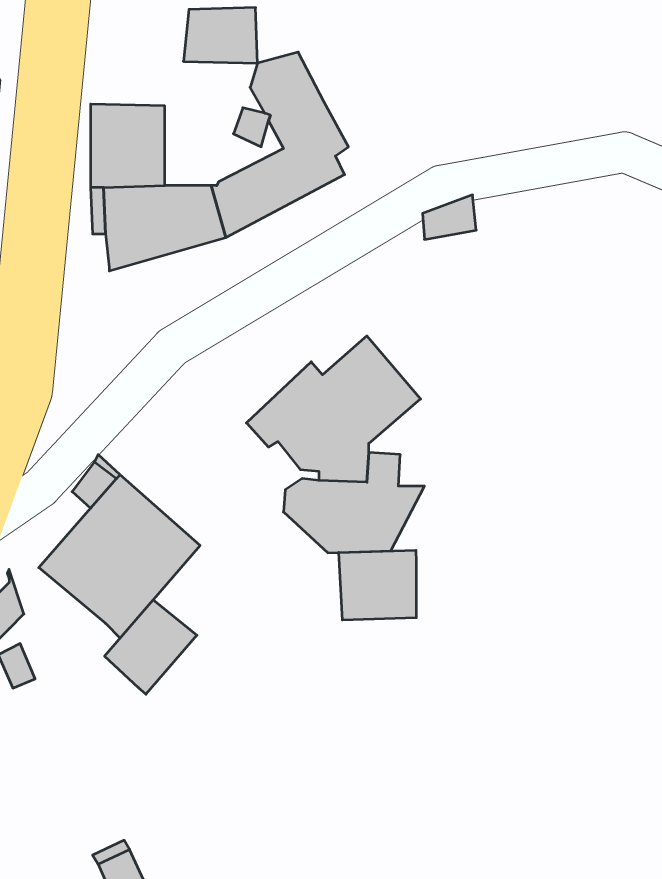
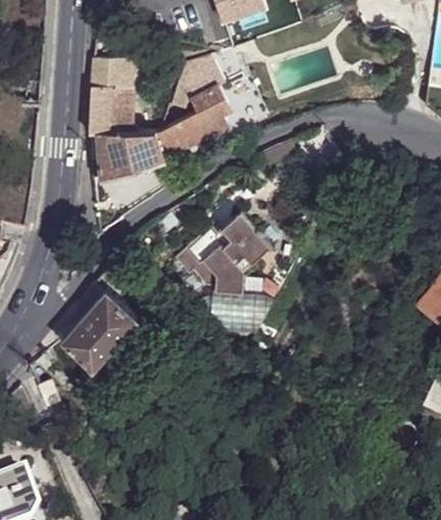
building: [183,8,258,63] -> [89,58,130,88]
building: [339,550,416,620] -> none
building: [105,600,197,694] -> none

